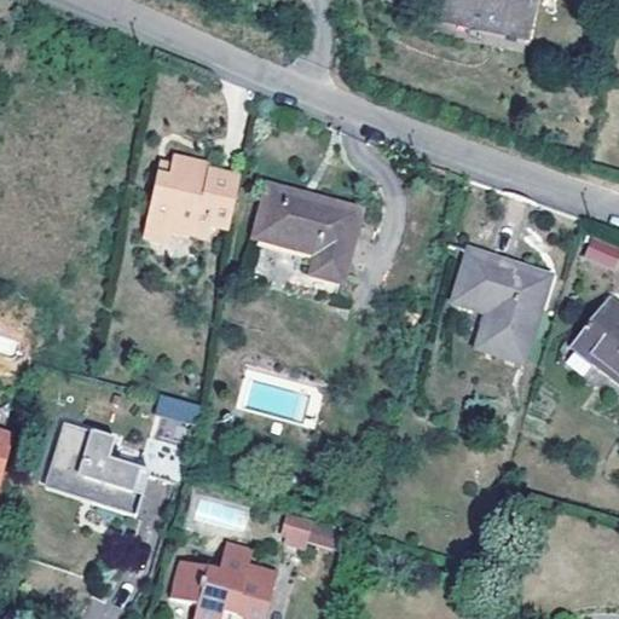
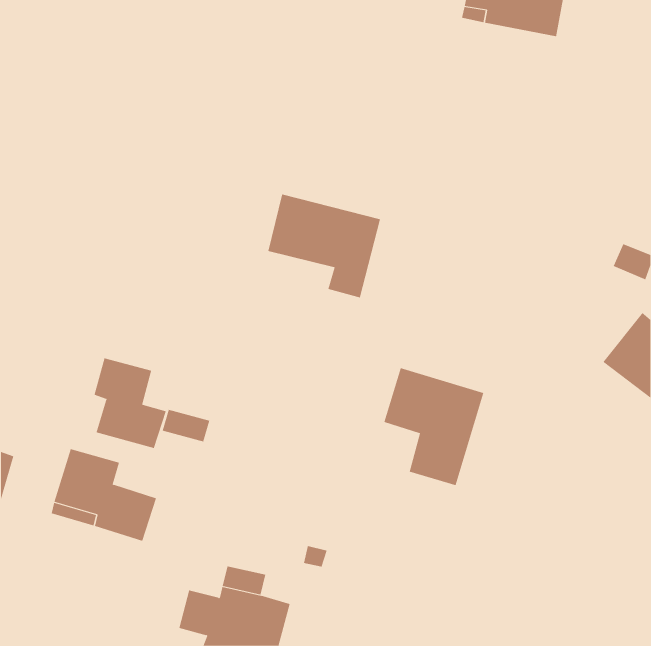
building: [149,156,242,238] -> none
building: [453,249,549,361] -> [383,367,484,486]
building: none -> [94,357,166,449]

